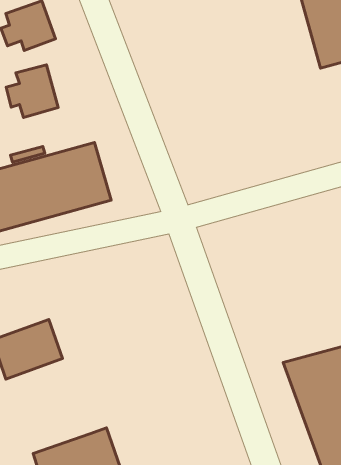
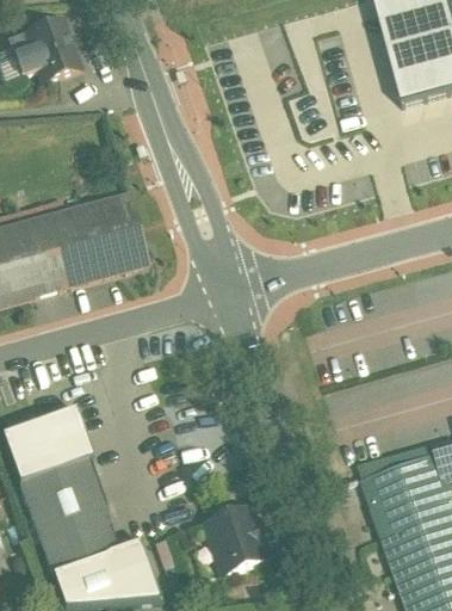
building: [6,65,58,118] -> none
building: none -> [19,457,122,573]
building: none -> [209,507,270,572]

